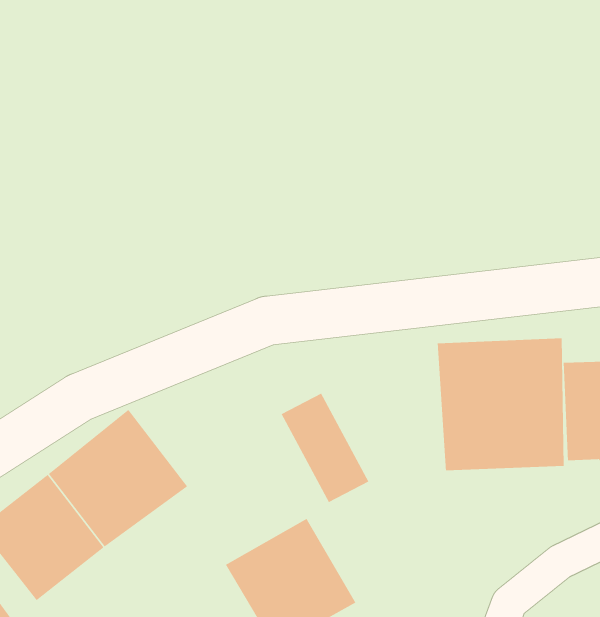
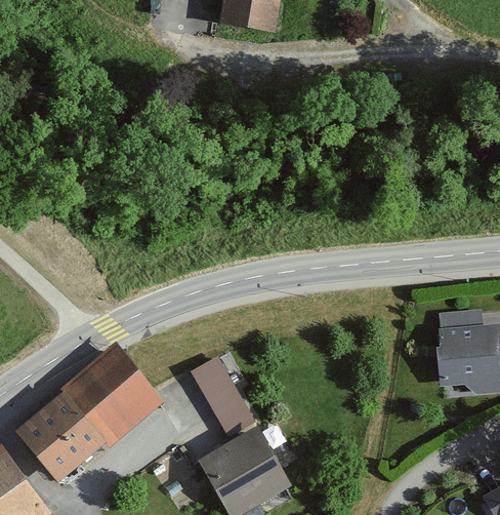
building: [437,337,565,471] -> none
building: [281,393,370,503] -> [189,349,253,429]

